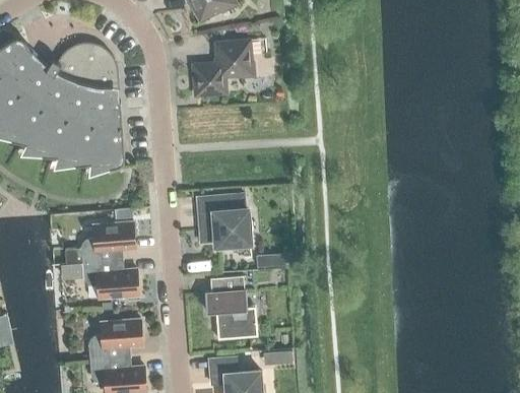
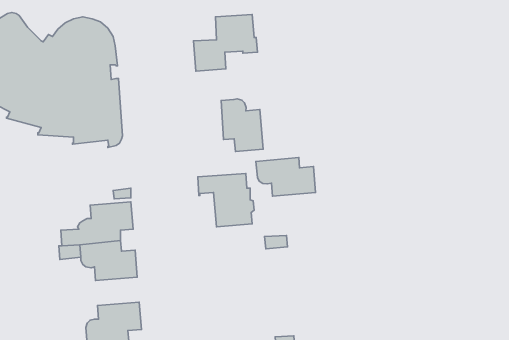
building: none -> [221,99,263,152]
building: none -> [256,158,316,196]
building: [204,276,261,340] -> none

